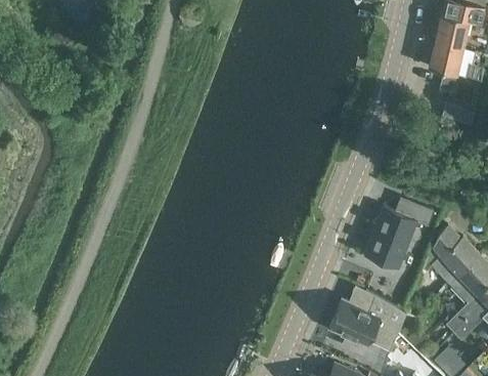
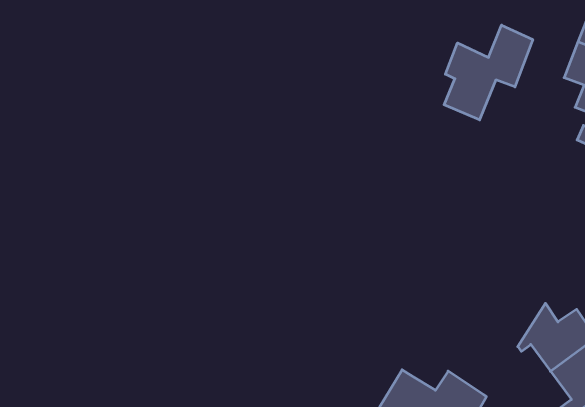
building: none -> [444,25,533,120]
building: [364,201,434,270] -> none

